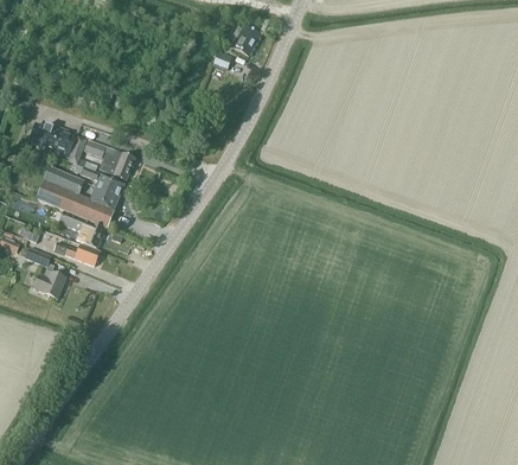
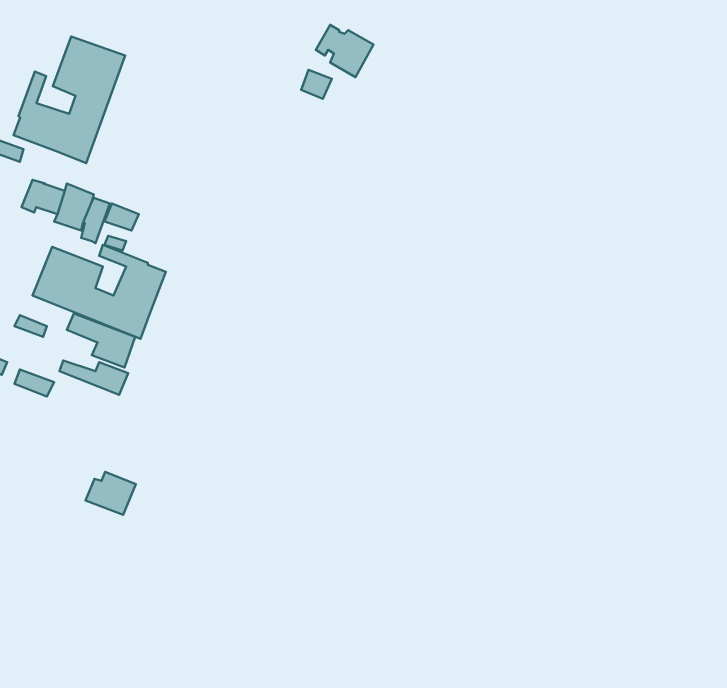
building: none -> [14,36,125,163]
building: [98,149,135,180] -> none
building: [32,269,65,298] -> [85,472,136,515]

